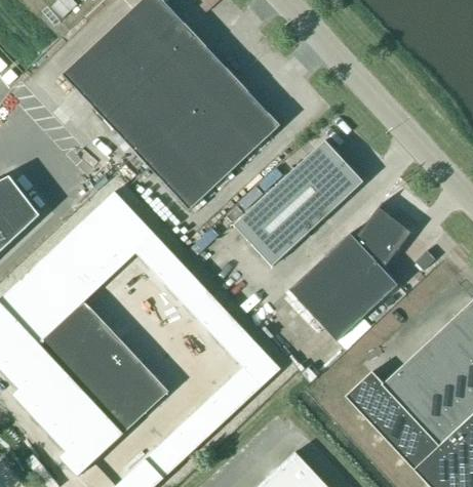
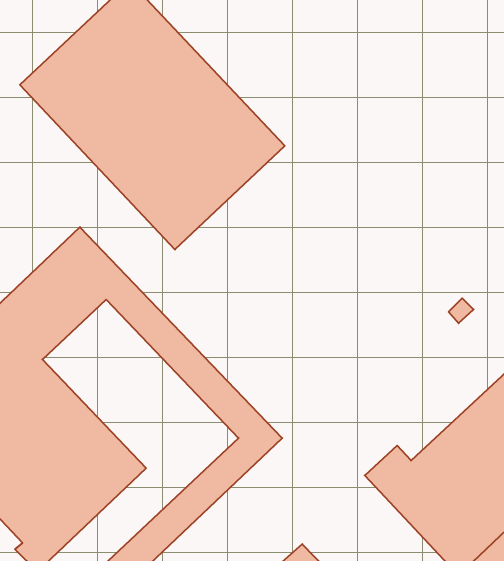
building: [233,139,364,267] -> none
building: [289,202,411,341] -> none

